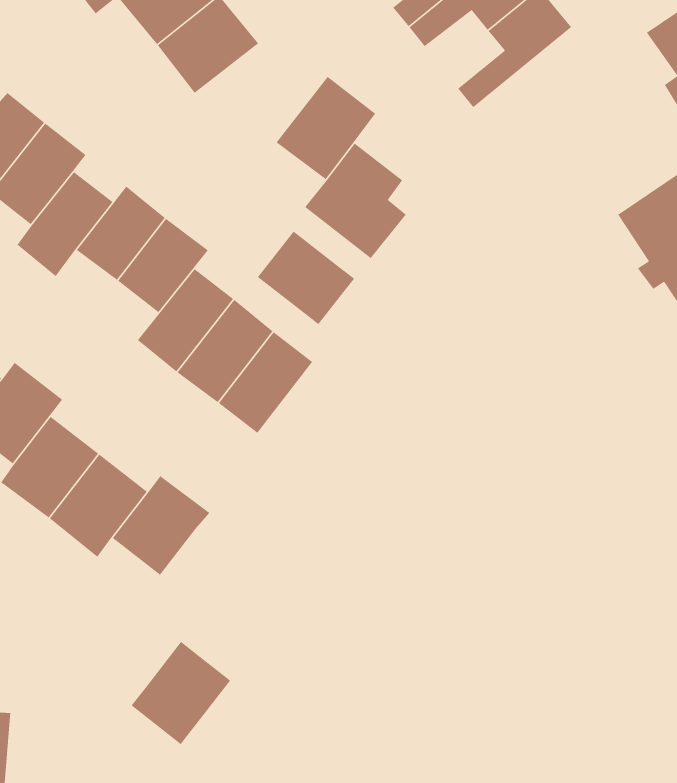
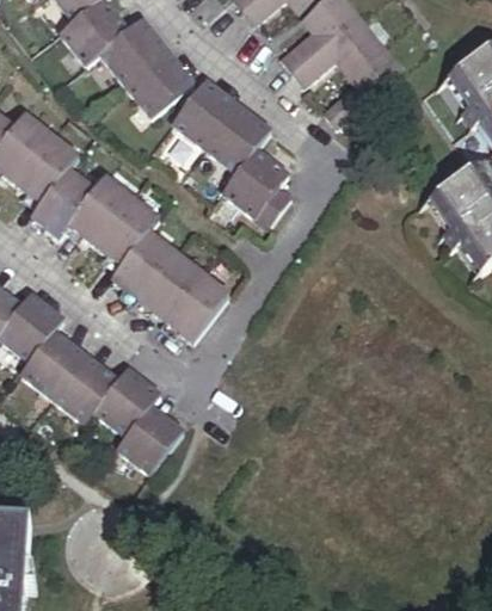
building: none -> [171,79,238,148]
building: [257,230,355,325] -> none
building: [131,641,231,745] -> [117,405,184,474]

